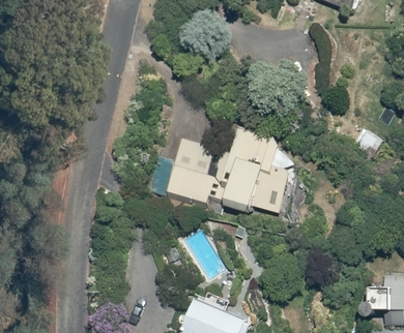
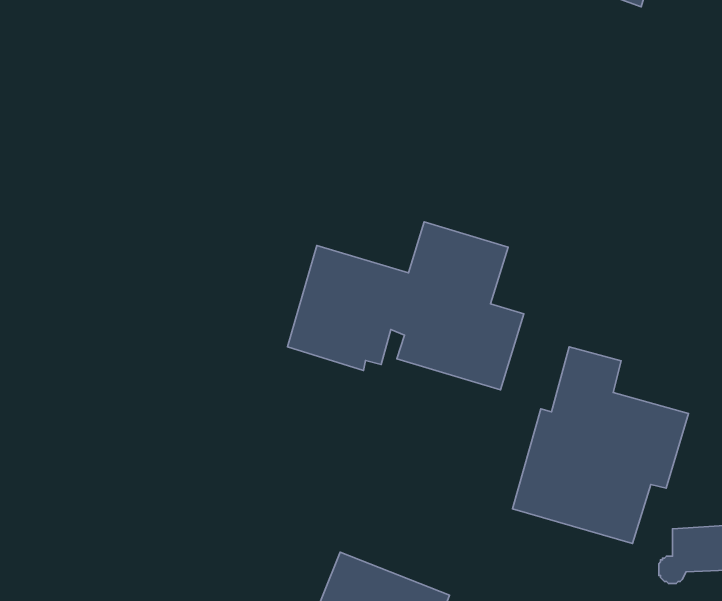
building: none -> [513,347,688,543]

